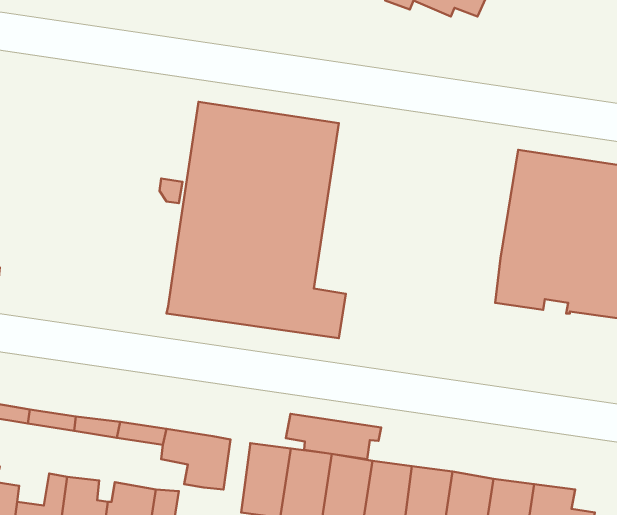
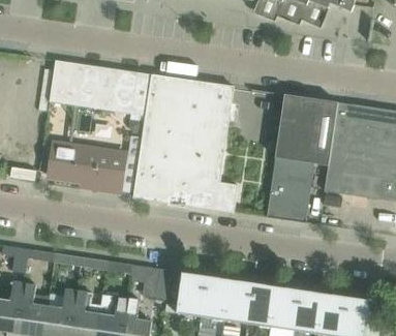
building: none -> [49,60,151,115]
building: none -> [266,93,337,221]
building: none -> [48,143,139,192]
building: [286,414,381,459] -> none

